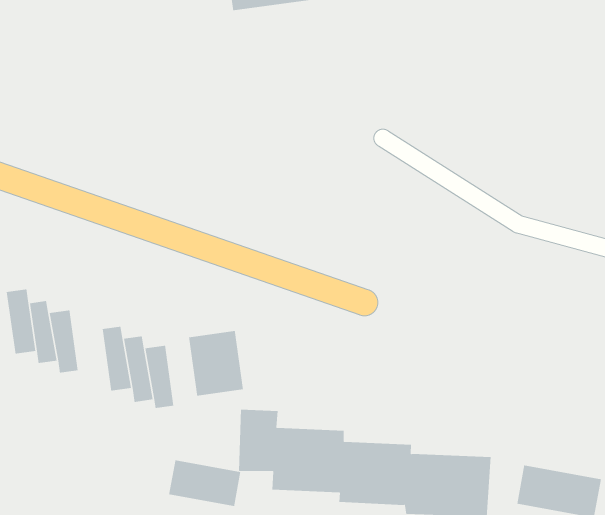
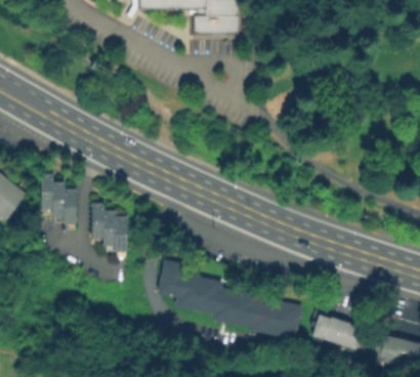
building: [188,330,244,397] -> none
building: [169,460,241,507] -> none

